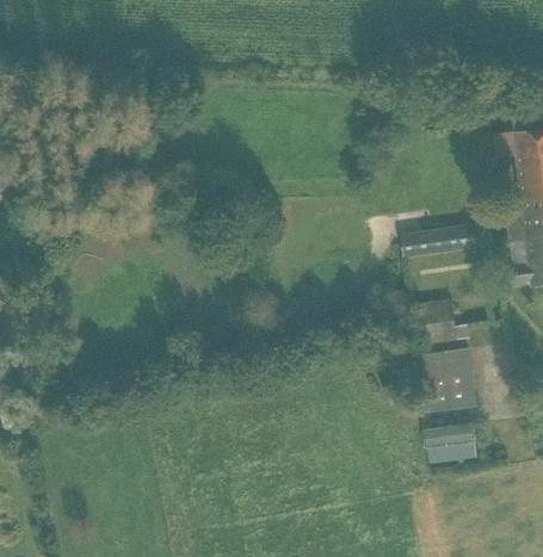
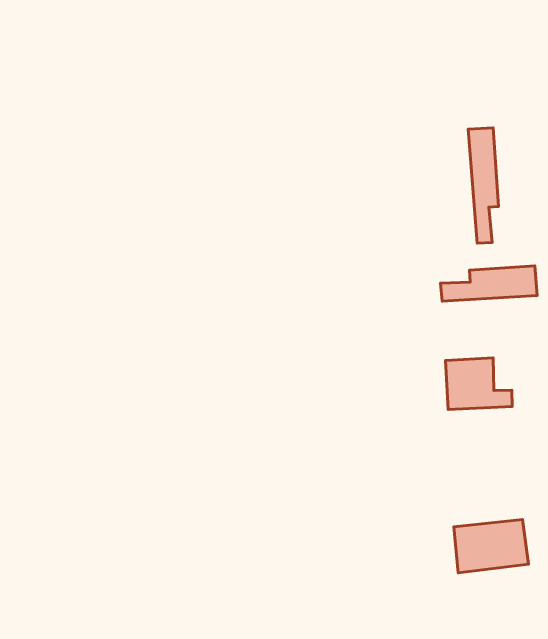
building: none -> [468,128,499,243]
building: [420,347,477,409] -> none

